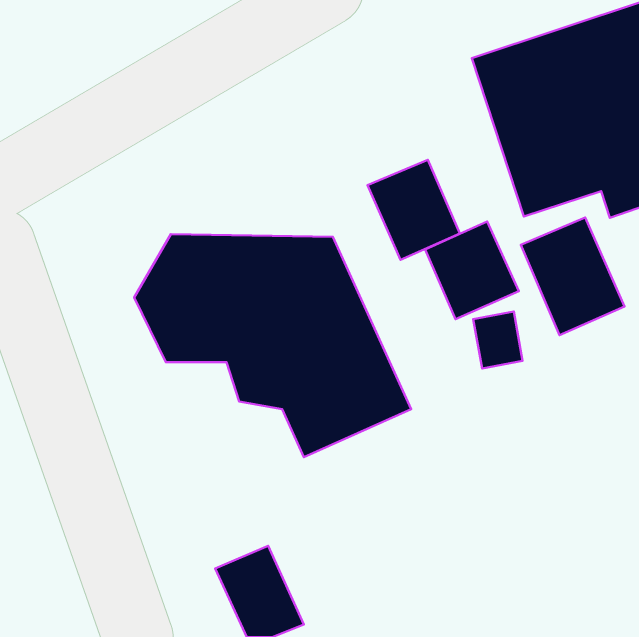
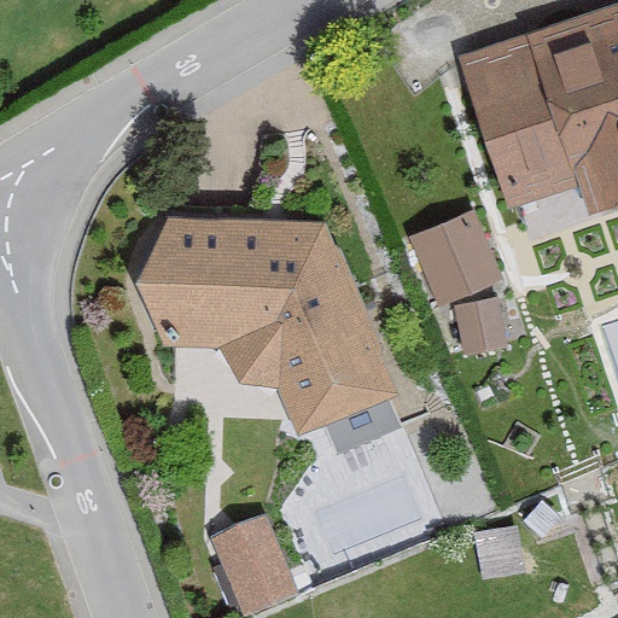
building: [368,160,460,260] -> none
building: [521,217,624,335] -> none

